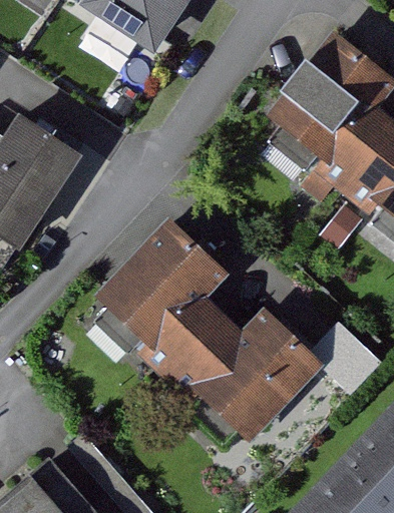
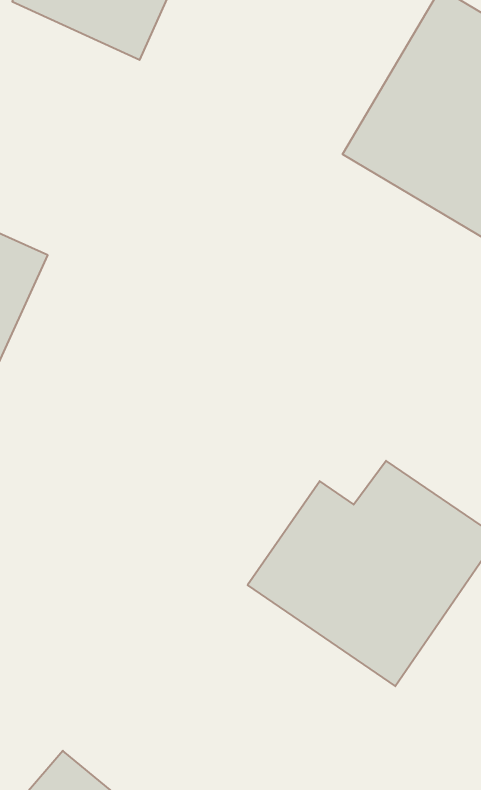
building: [90,217,226,370] -> none

